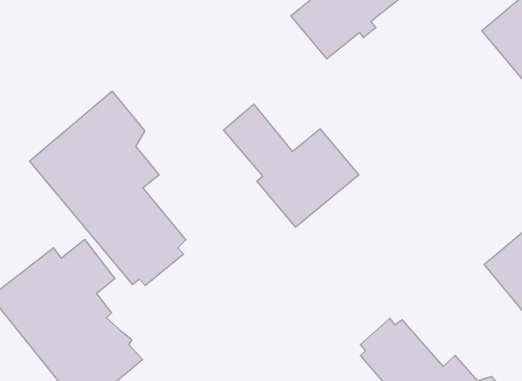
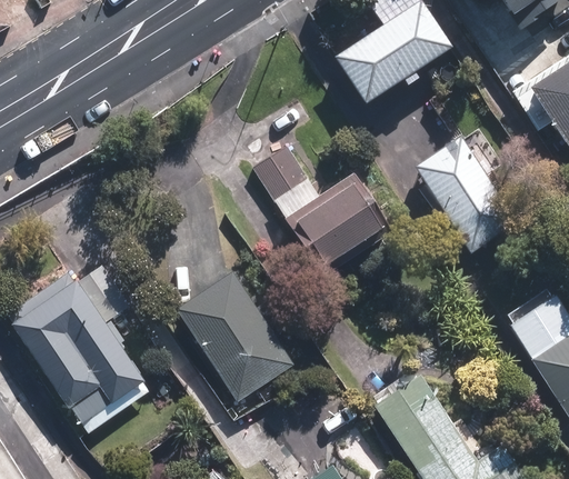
building: none -> [411,136,519,255]
building: [29,91,186,286] -> none
building: none -> [173,273,292,403]

